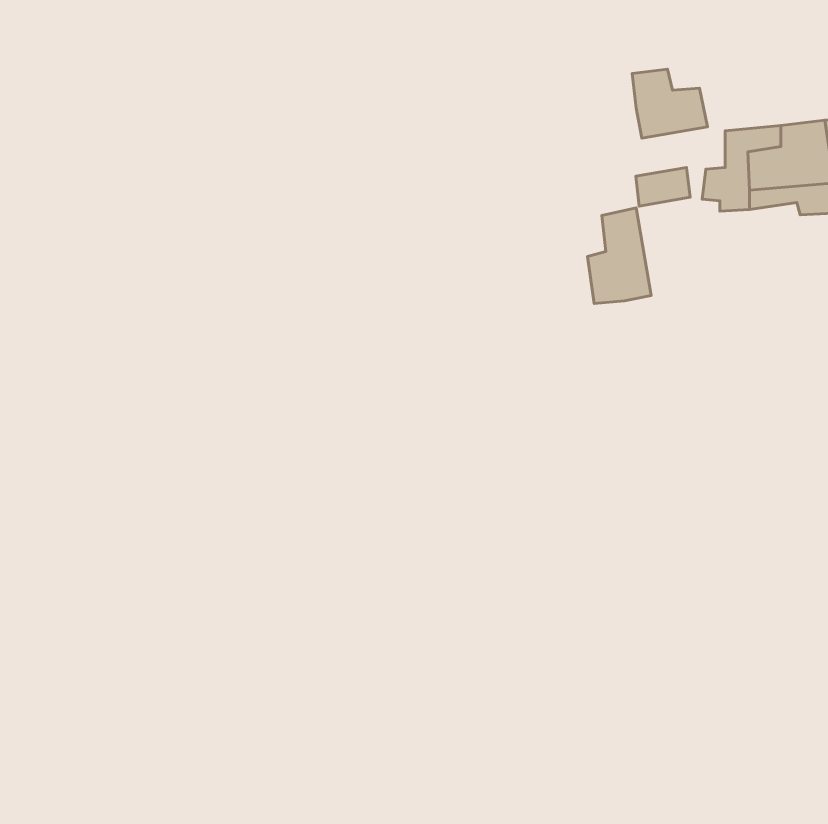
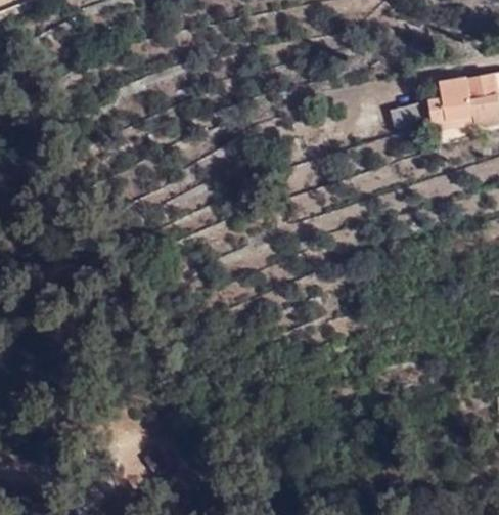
building: [632,69,708,138] -> none
building: [588,208,651,303] -> none

